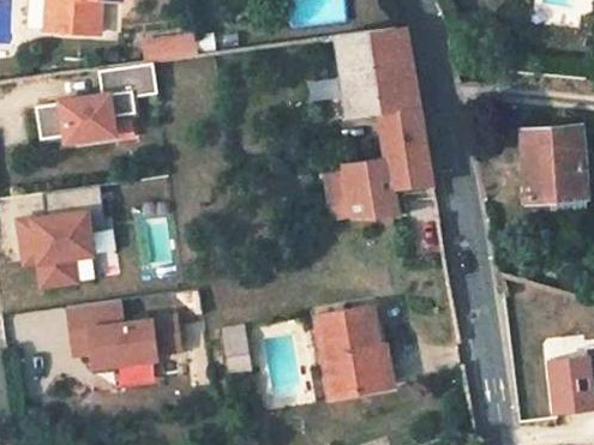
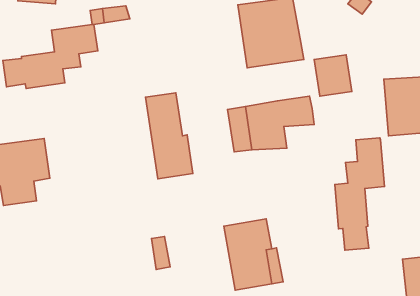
building: [379,106,427,158] -> [314,55,352,96]
building: none -> [146,93,193,179]
building: none -> [335,138,384,250]
building: [66,302,182,371] -> none

